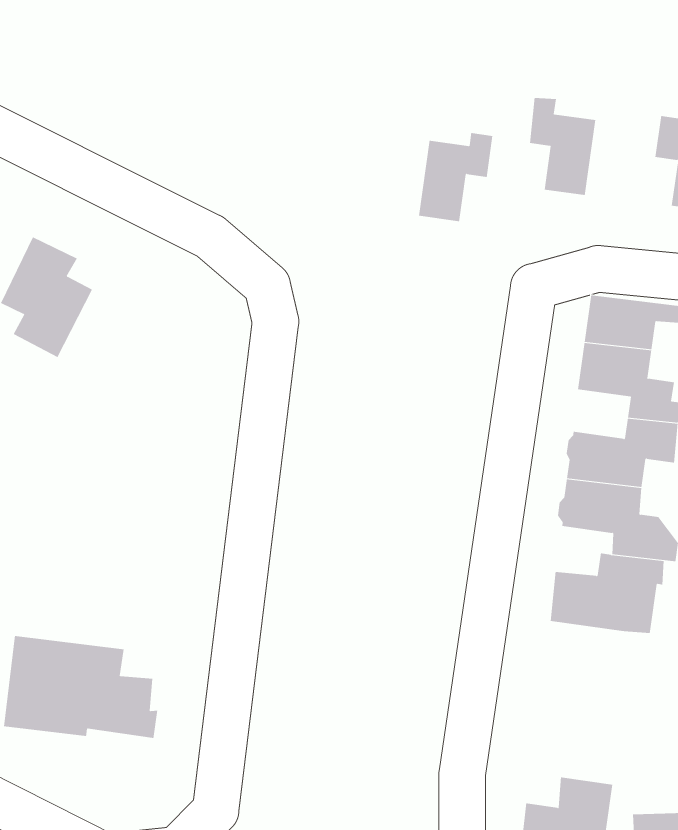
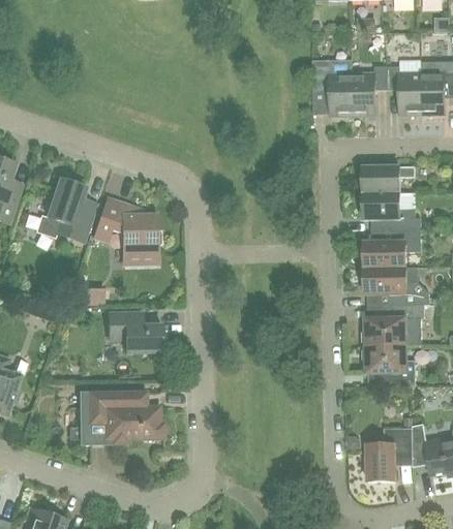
building: [418,132,493,222] -> [353,65,387,114]
building: none -> [94,196,160,263]
building: none -> [109,310,162,351]
building: none -> [366,344,416,384]

